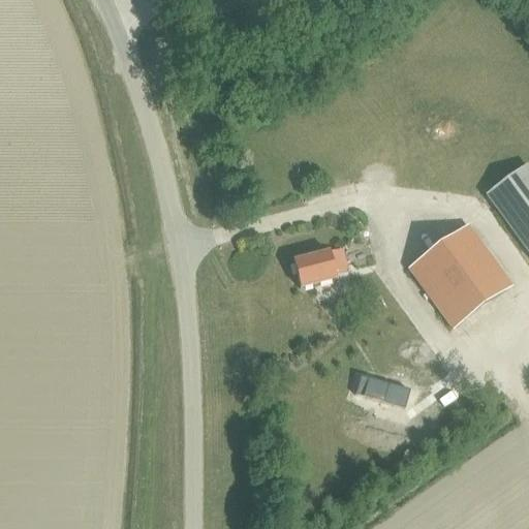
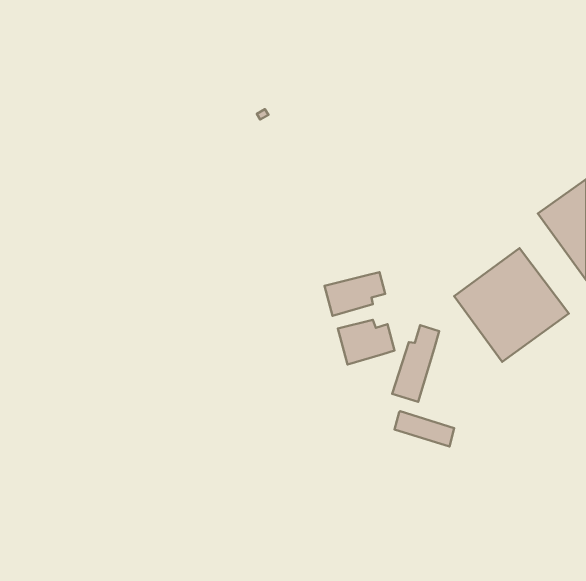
building: none -> [338,320,395,365]
building: none -> [392,325,439,402]

